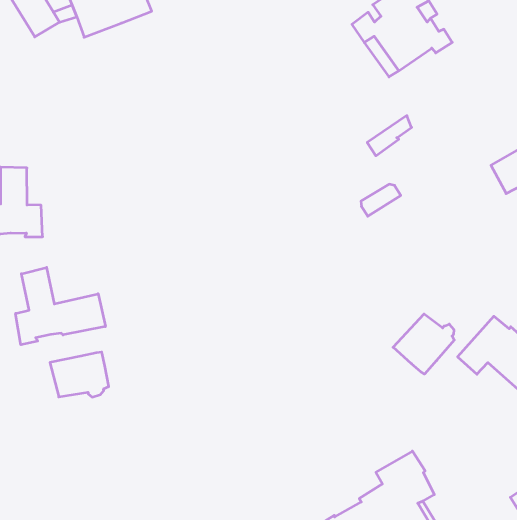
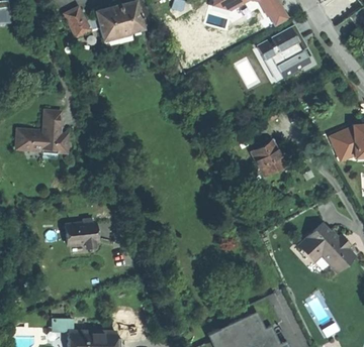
building: none -> [256,149,284,176]
building: [16,267,105,345] -> none
building: [393,314,454,374] -> none

